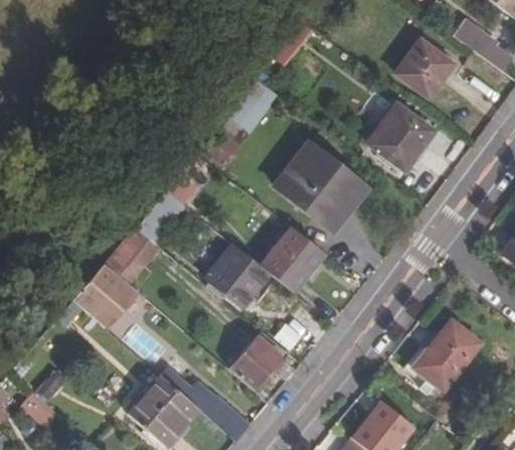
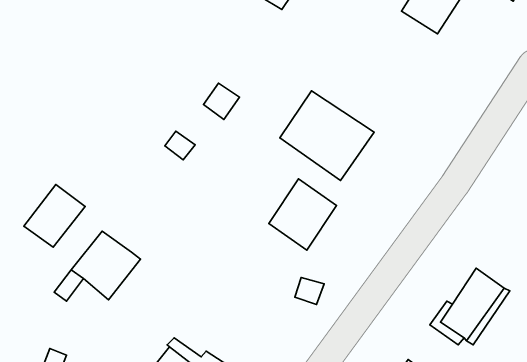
building: [368,104,435,170] -> none
building: [105,227,163,285] -> [24,184,85,247]
building: [208,245,261,299] -> none
building: [227,333,283,391] -> none

